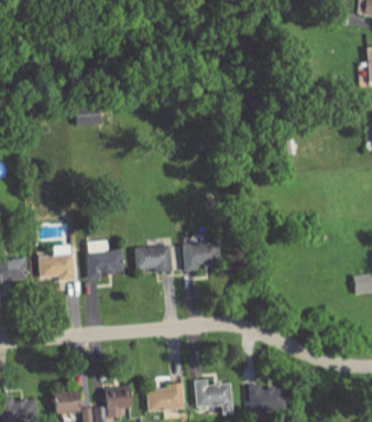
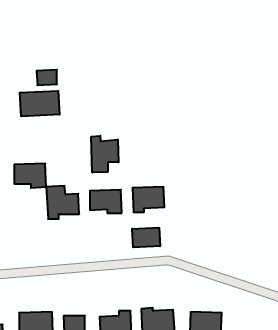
building: none -> [20,91,60,116]
building: none -> [91,136,119,173]
building: [39,253,75,281] -> [14,164,46,188]
building: none -> [132,228,160,247]

